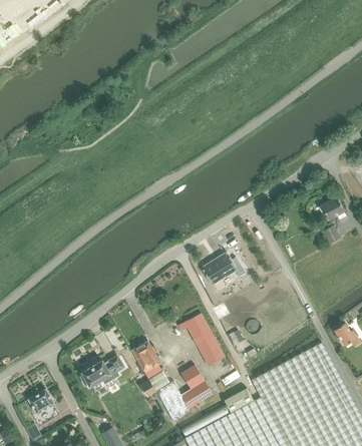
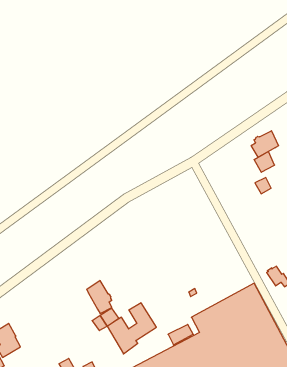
building: none -> [251,131,279,157]
building: [203,254,245,283] -> none
building: [178,313,224,365] -> none
building: [80,355,128,392] -> none

